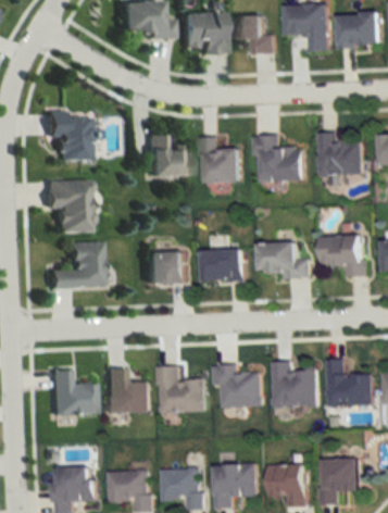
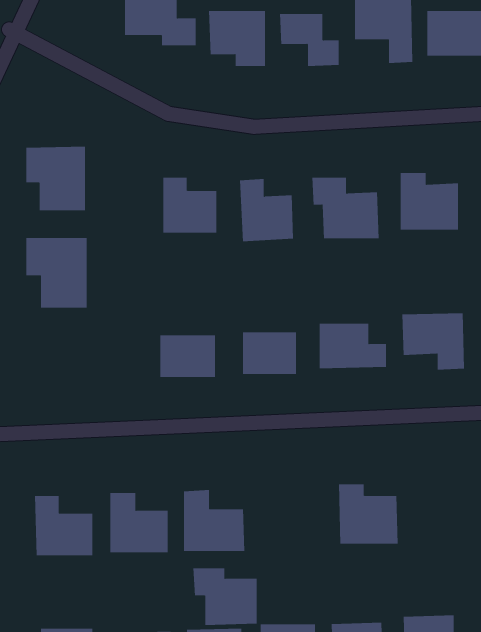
building: [47,241,101,288] -> none
building: [328,359,374,404] -> none
building: [214,364,262,406] -> [193,568,257,625]

